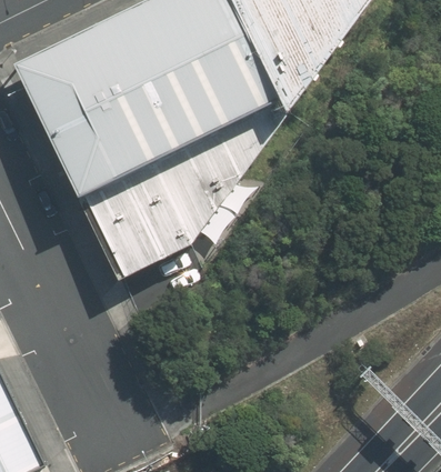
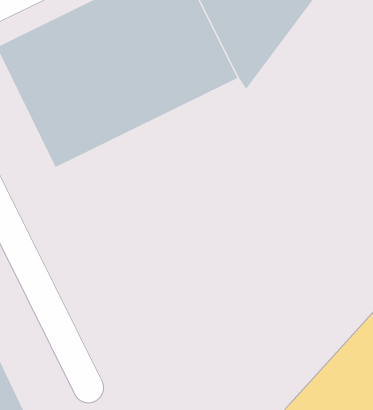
building: [80,98,287,277] -> none

